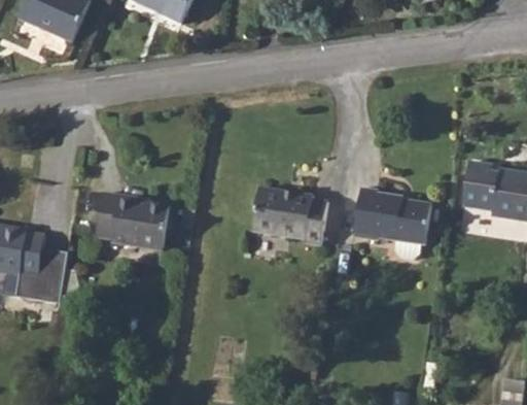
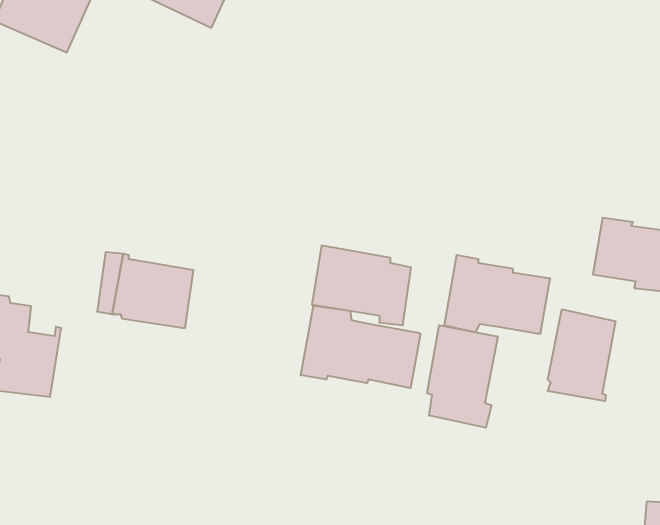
building: none -> [301,306,420,388]
building: none -> [548,309,616,401]
building: none -> [427,325,498,428]

